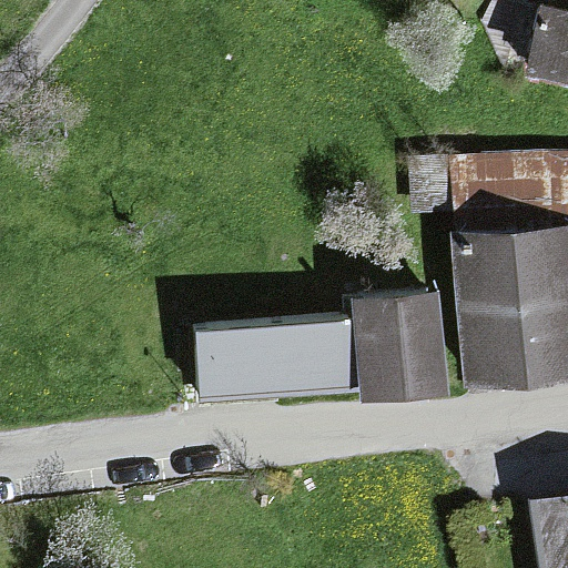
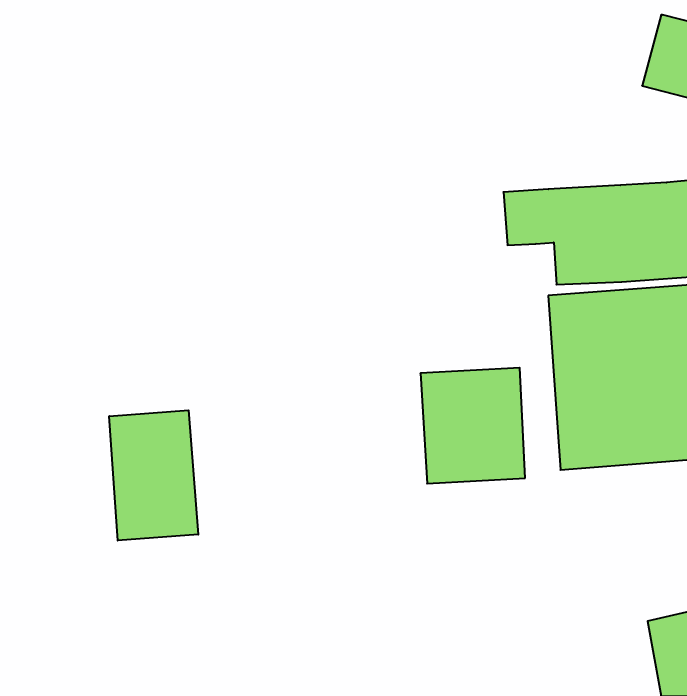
building: [193,328,347,396] -> none
building: none -> [109,410,198,541]

